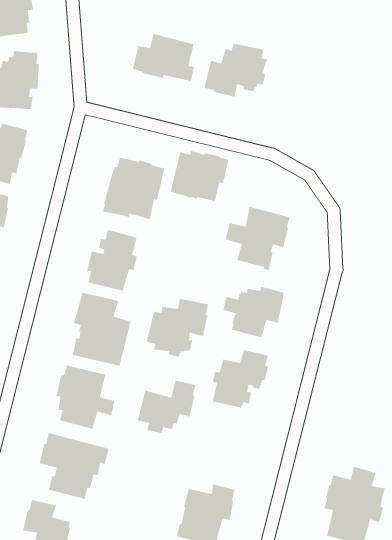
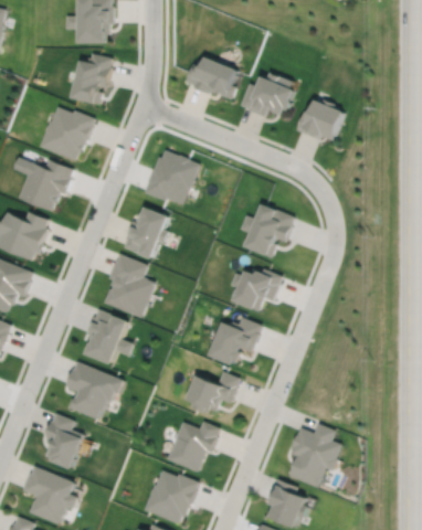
building: none -> [295,99,345,140]
building: [170,150,229,202] -> none
building: [146,298,209,358] -> none
building: [137,380,196,434] -> [188,372,240,414]

